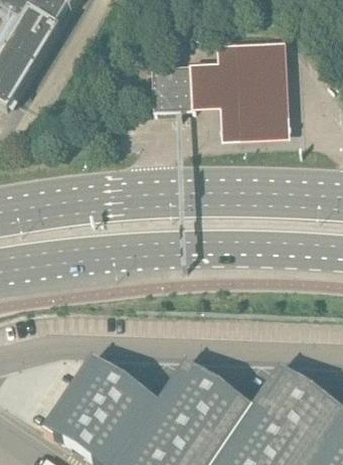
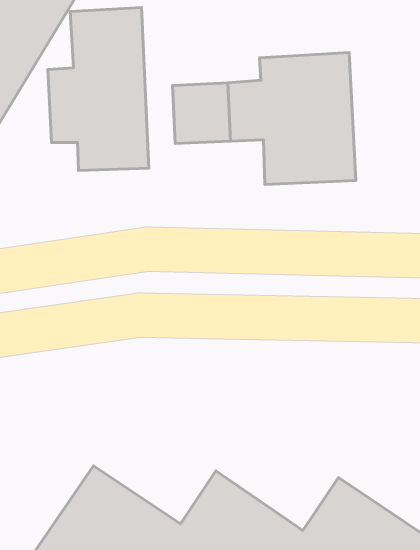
building: none -> [48,8,149,171]

